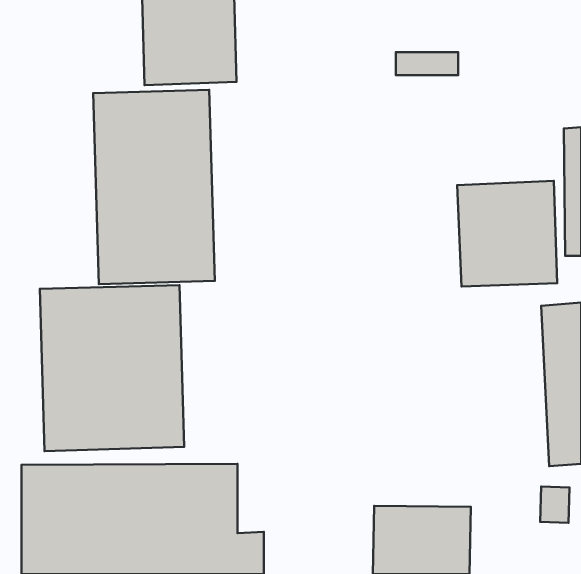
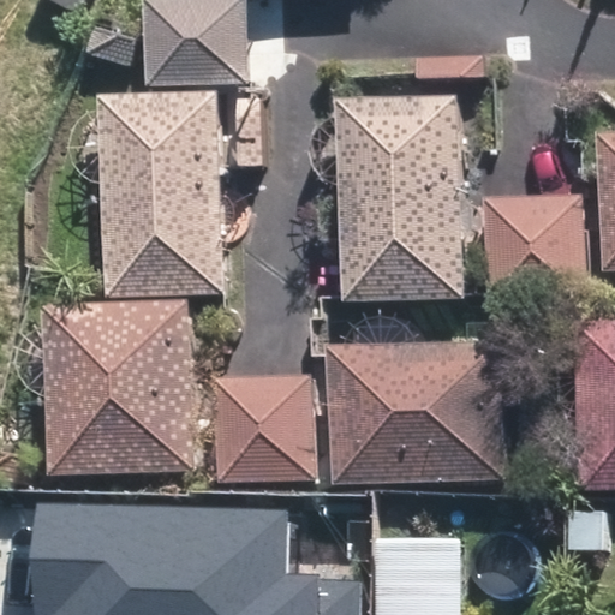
building: none -> [336,101,466,309]
building: none -> [329,340,506,485]
building: none -> [215,375,316,483]

